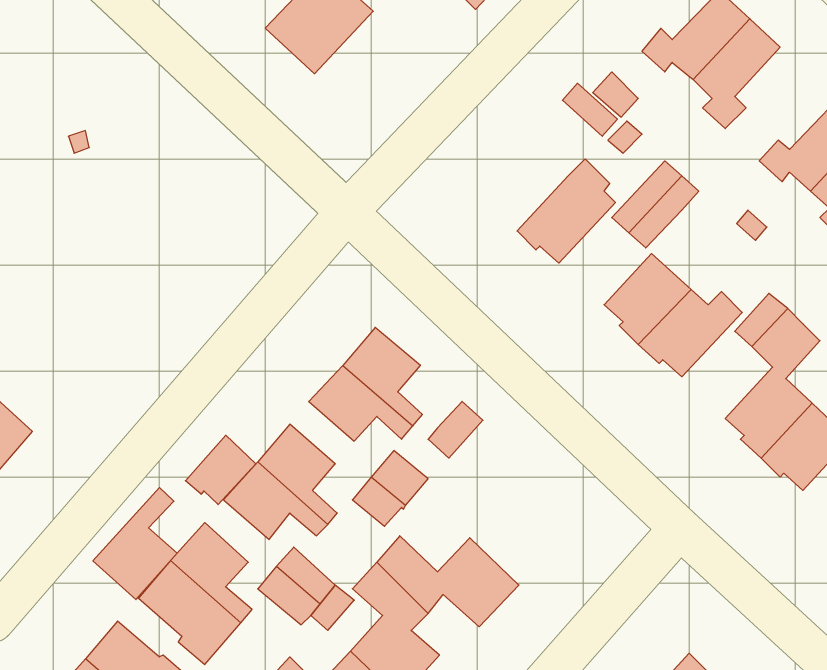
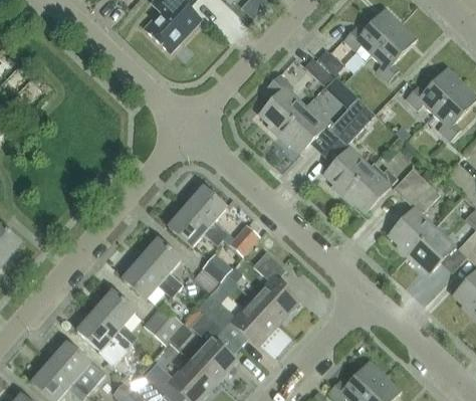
building: none -> [258,75,304,136]
building: [185,435,256,505] -> none
building: none -> [252,252,299,324]
building: [93,488,177,600] -> none

